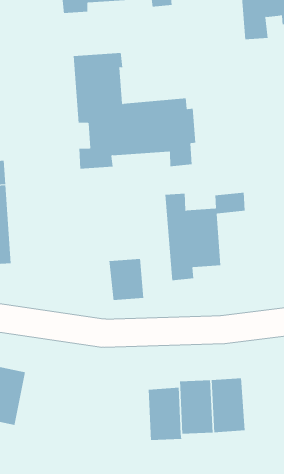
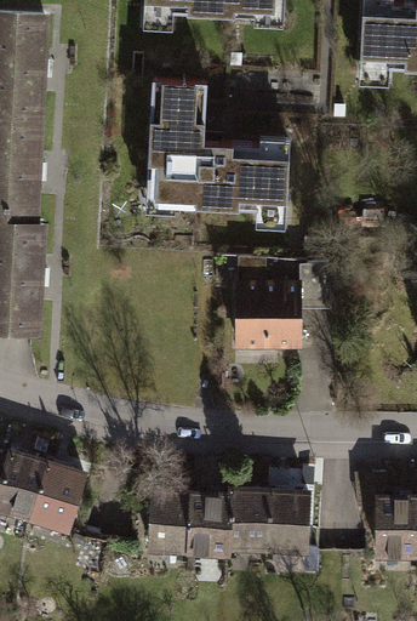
building: [109,258,144,301] -> none
building: none -> [29,456,86,530]
building: none -> [150,490,194,554]

